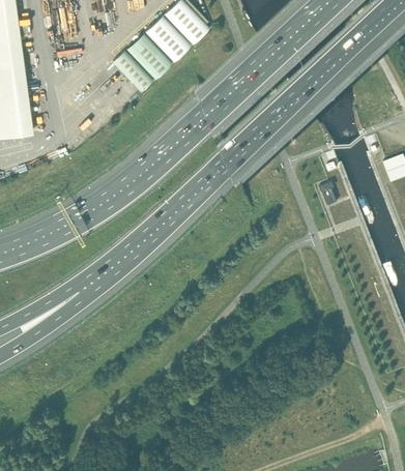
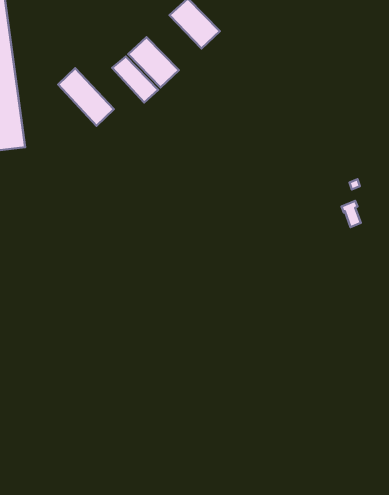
building: [145,17,191,62] -> none
building: none -> [58,68,114,126]

